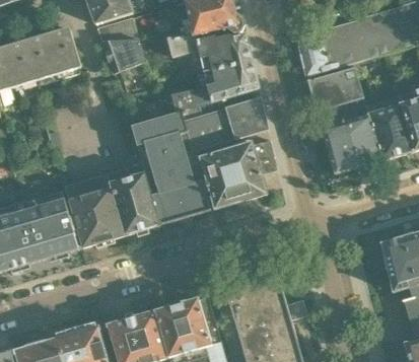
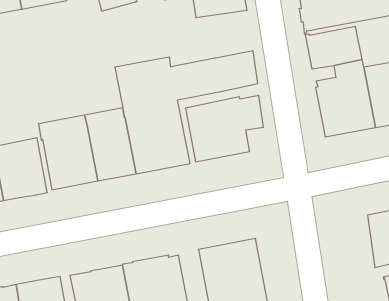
building: [172,60,257,112] -> none

